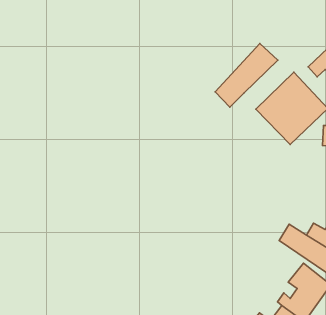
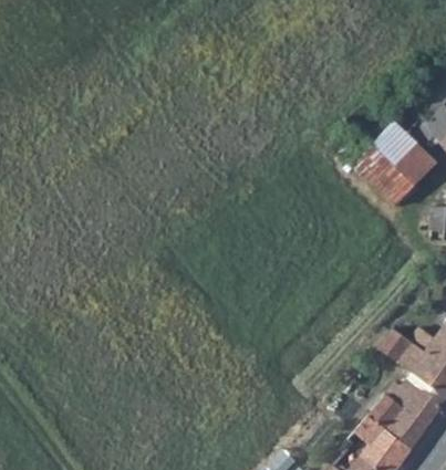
building: [215,43,278,107] -> none

